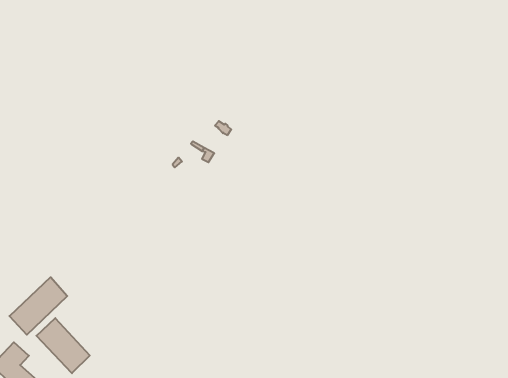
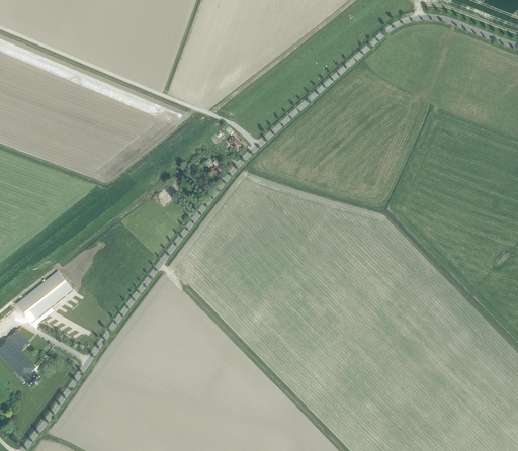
building: [36,318,90,373] -> none

